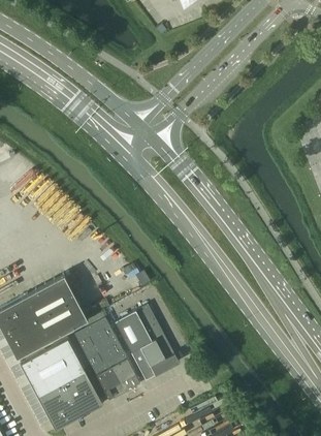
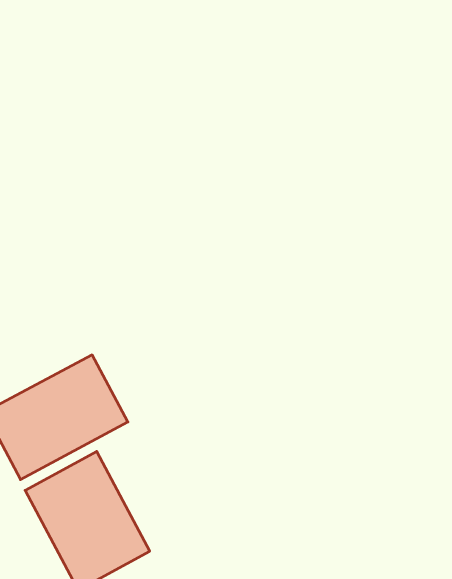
building: [116,306,180,380] -> none
building: [74,318,140,400] -> none

